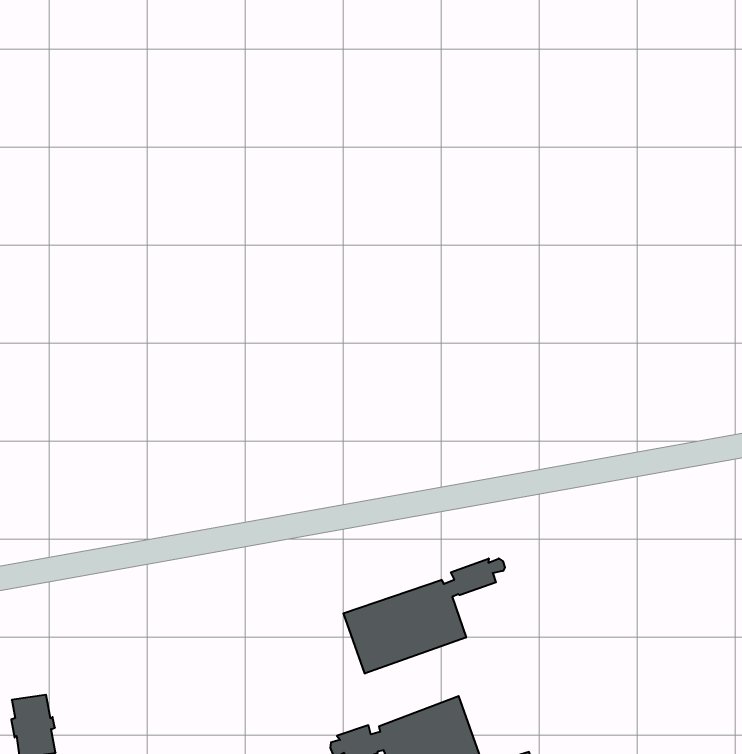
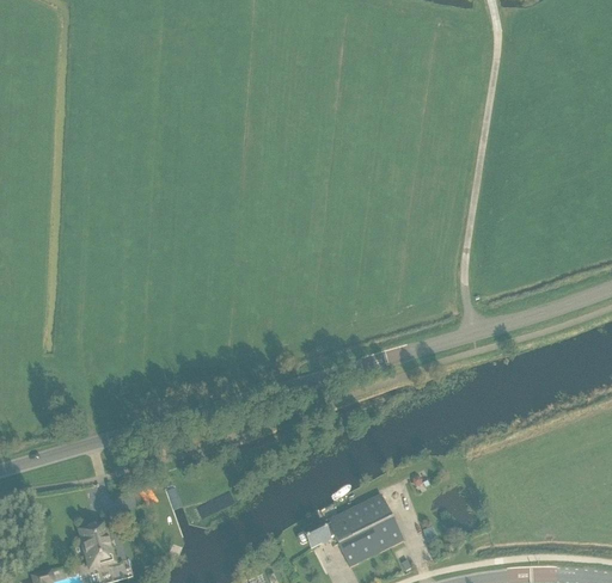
building: [343,558,505,674] -> none

